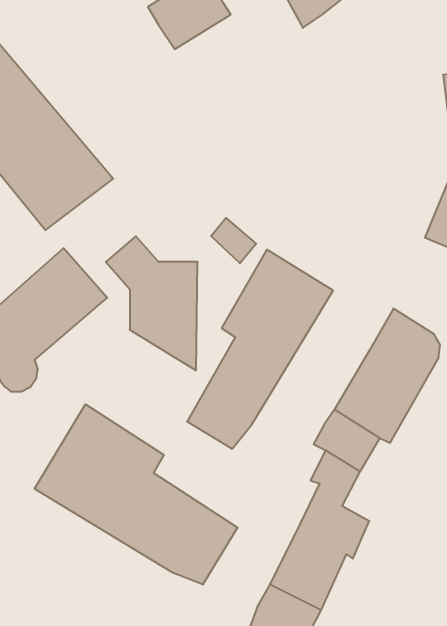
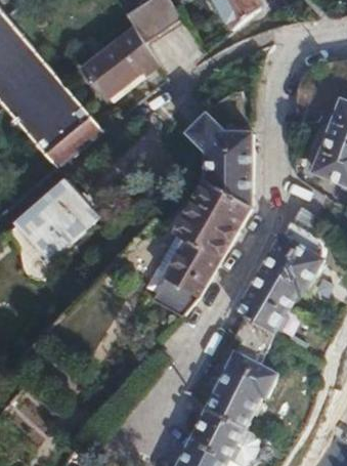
building: none -> [80,28,154,100]
building: [106,236,198,370] -> [189,117,252,208]
building: [35,404,238,585] -> none

